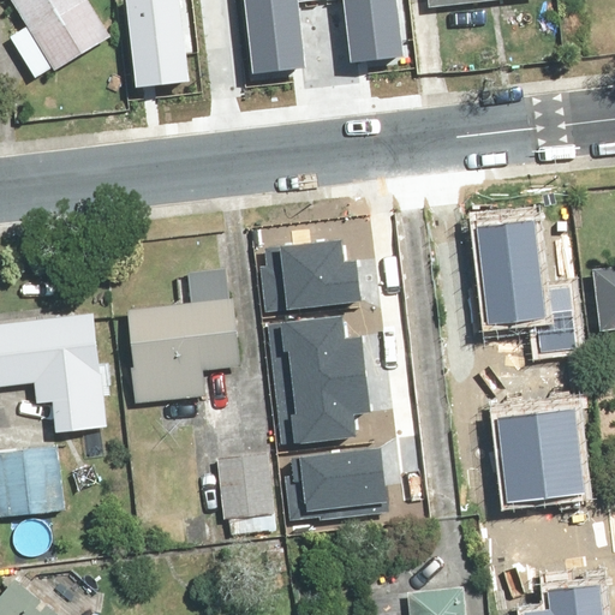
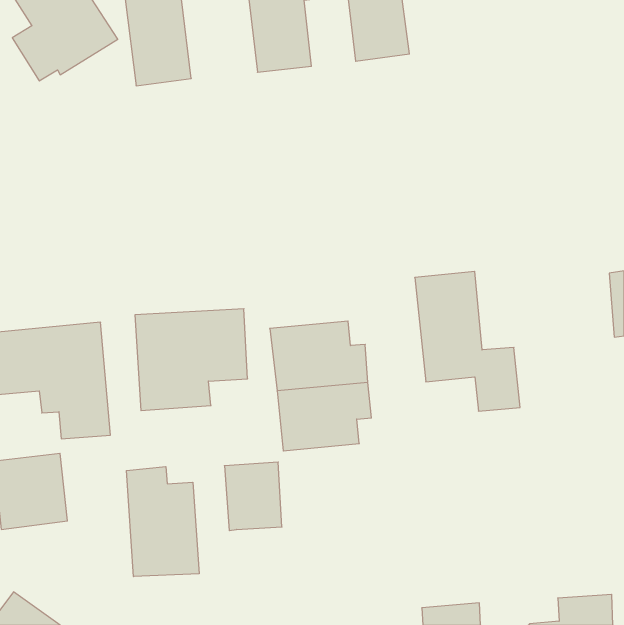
building: [471,214,574,351] -> [415,271,520,411]
building: [255,244,358,312] -> none
building: [496,412,578,501] -> none
building: [285,448,384,520] -> none
building: none -> [126,467,199,577]

